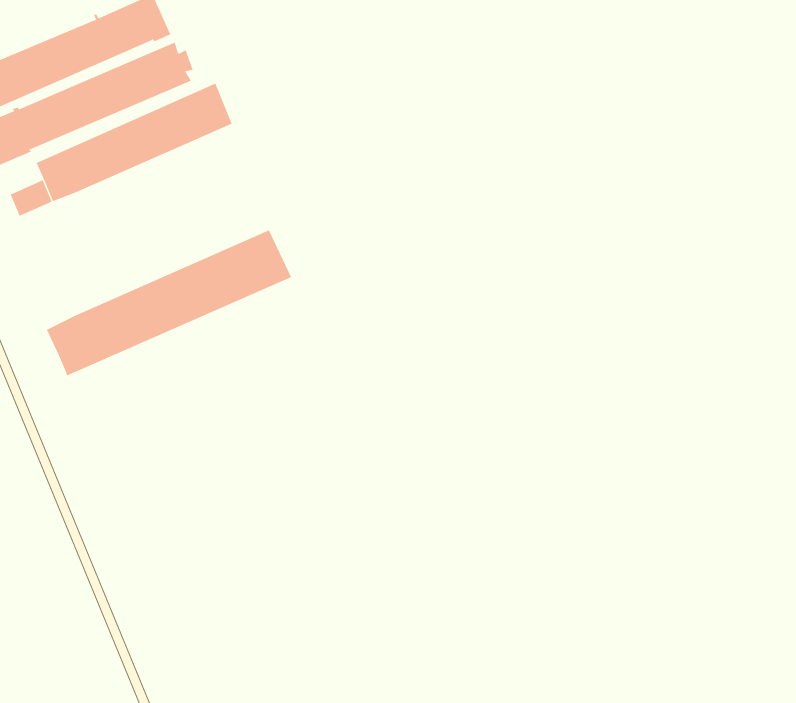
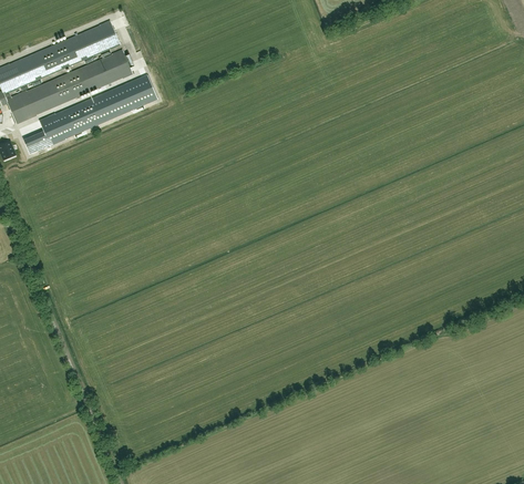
building: [46,229,292,376] -> none

